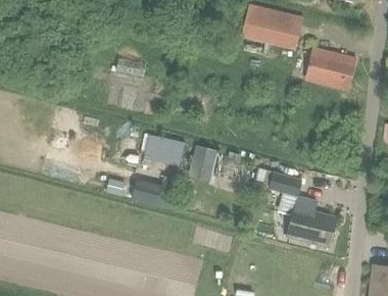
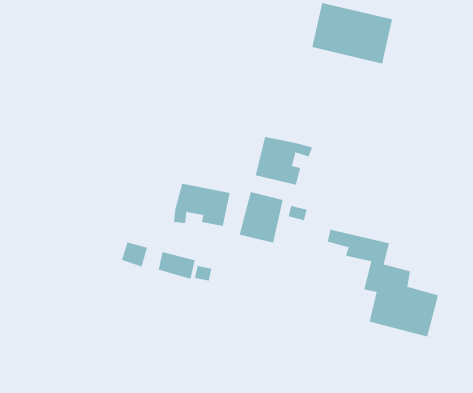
building: [305,47,354,90] -> none
building: none -> [255,136,313,185]

